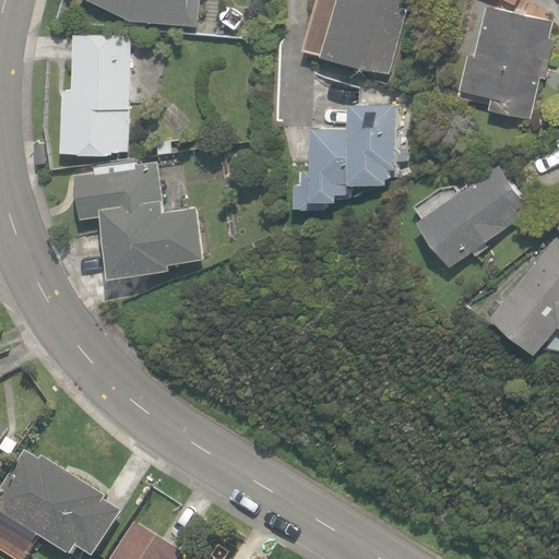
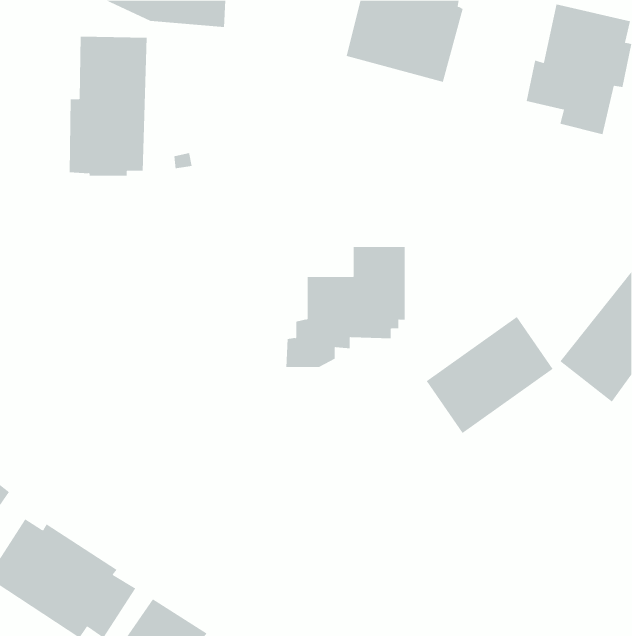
building: [293,105,397,211] -> [285,246,405,368]
building: [76,162,202,277] -> none
building: [418,165,530,267] -> [426,316,553,434]

